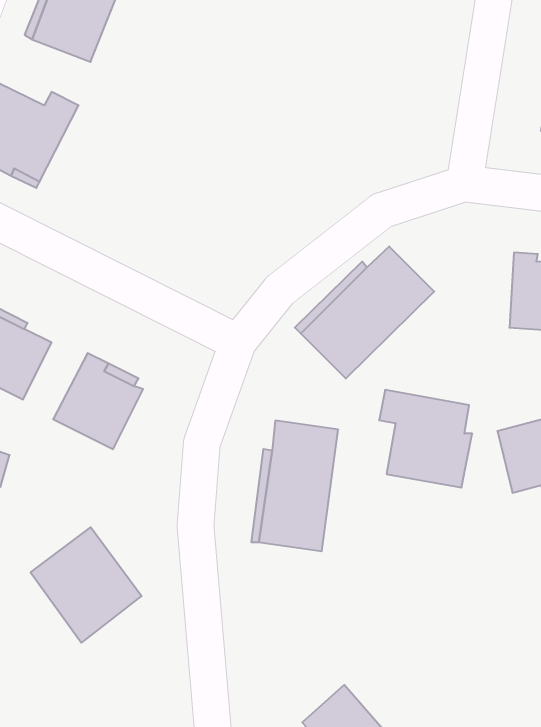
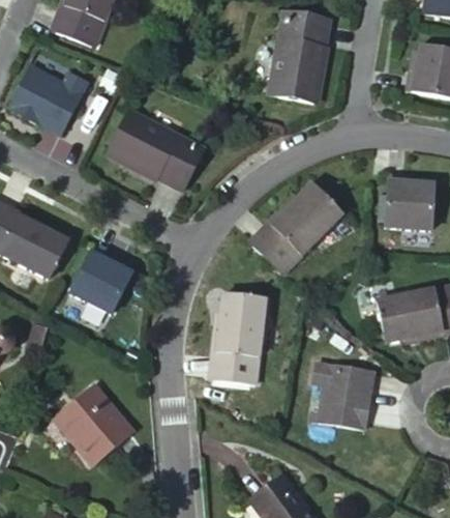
building: none -> [270,10,330,103]
building: none -> [109,110,205,188]
building: [379,390,472,488] -> [296,364,360,431]

